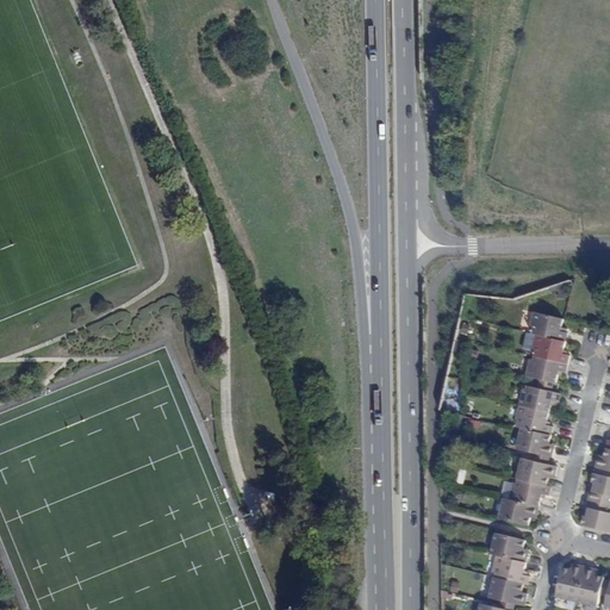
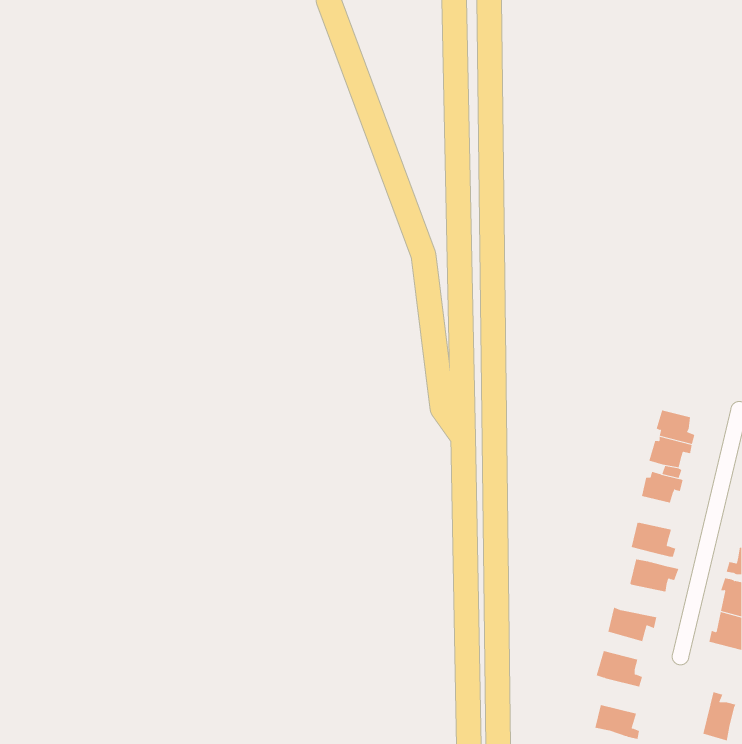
building: [529,313,566,342] -> none
building: [518,406,550,434] -> none
building: [506,479,548,505] -> none
building: [488,555,525,584] -> none
building: [552,564,581,600] -> none

